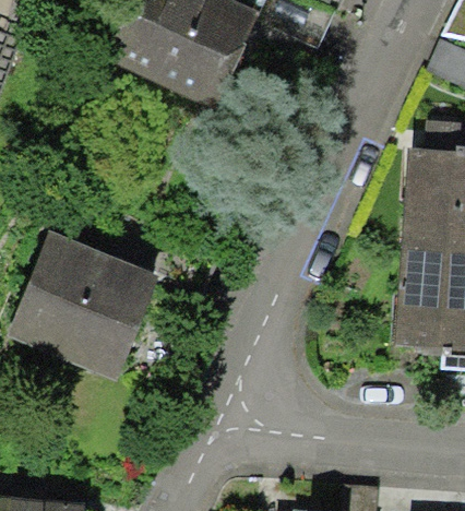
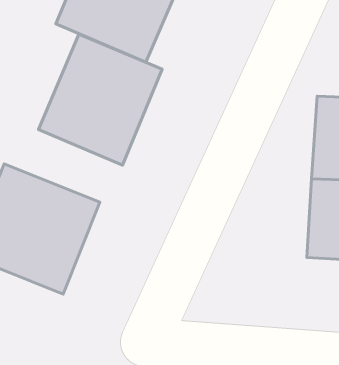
building: none -> [39,34,162,165]

